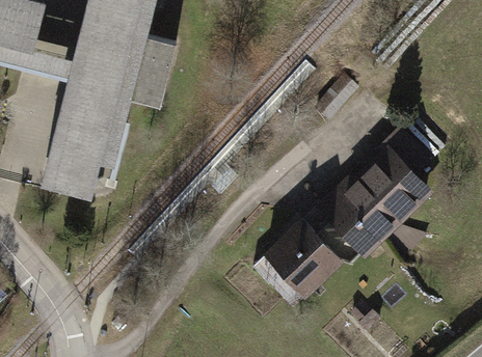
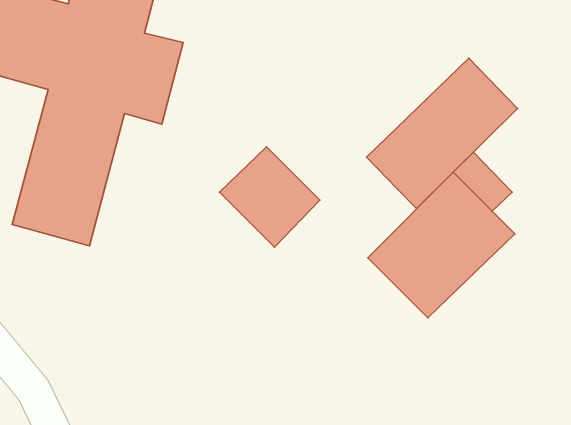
building: none -> [367,58,518,209]
building: [264,220,342,298] -> [220,147,320,247]

